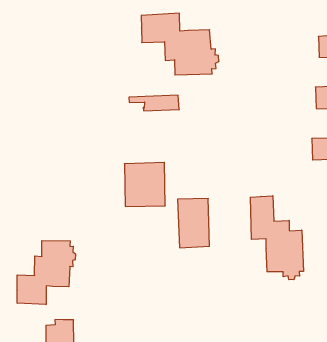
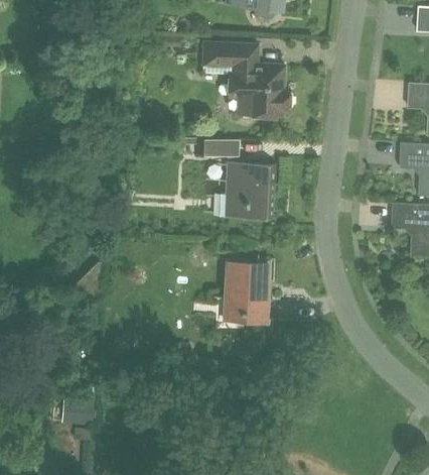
building: [124,162,165,206] -> [227,162,277,216]
building: [250,196,303,280] -> none
building: [17,241,75,305] -> none

